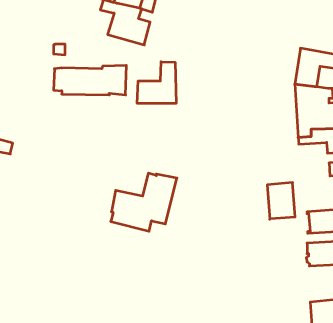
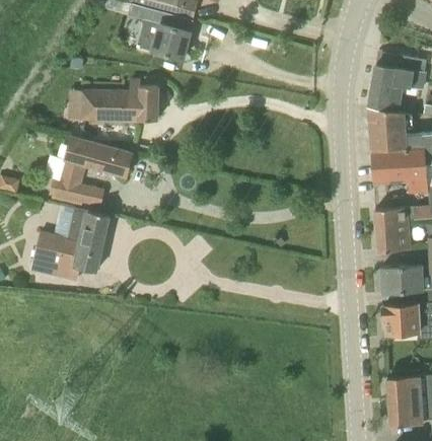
building: [137,62,176,103] -> none
building: none -> [53,137,133,205]
building: [111,173,177,231] -> [28,210,111,282]
building: [267,183,295,219] -> [375,207,410,252]

